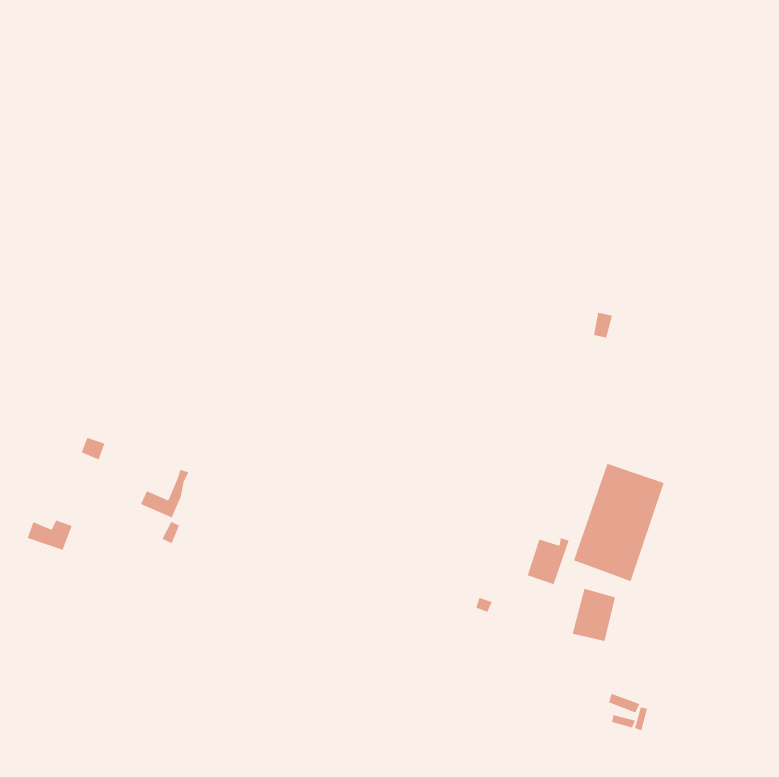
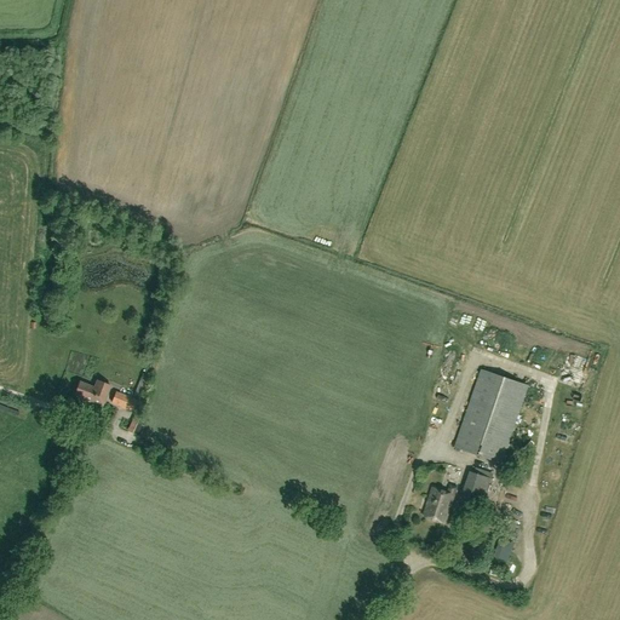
building: [27,520,72,550] -> [74,379,110,403]
building: [527,537,569,585] -> [424,484,458,522]

